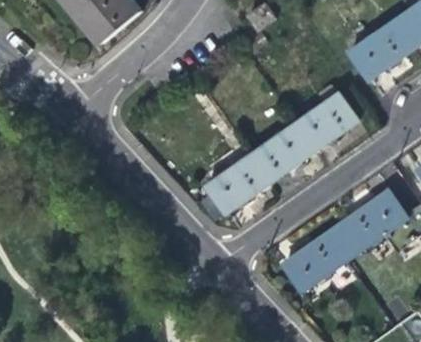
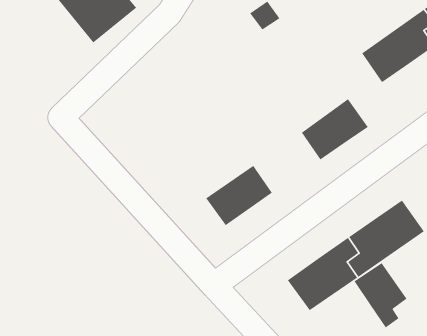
building: [249,125,311,181] -> none
building: none -> [353,262,408,328]

